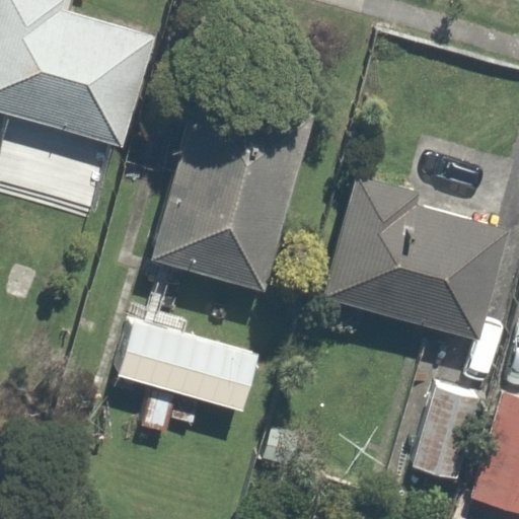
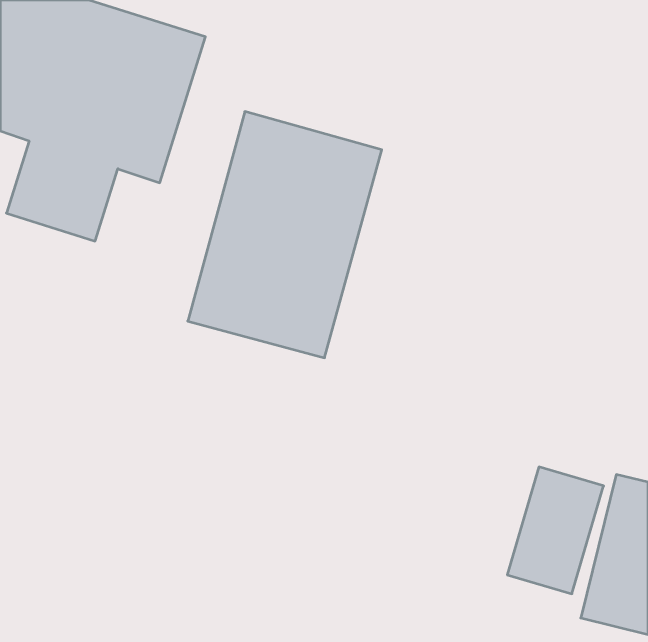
building: [324,181,504,341] -> none
building: [117,318,267,418] -> none

